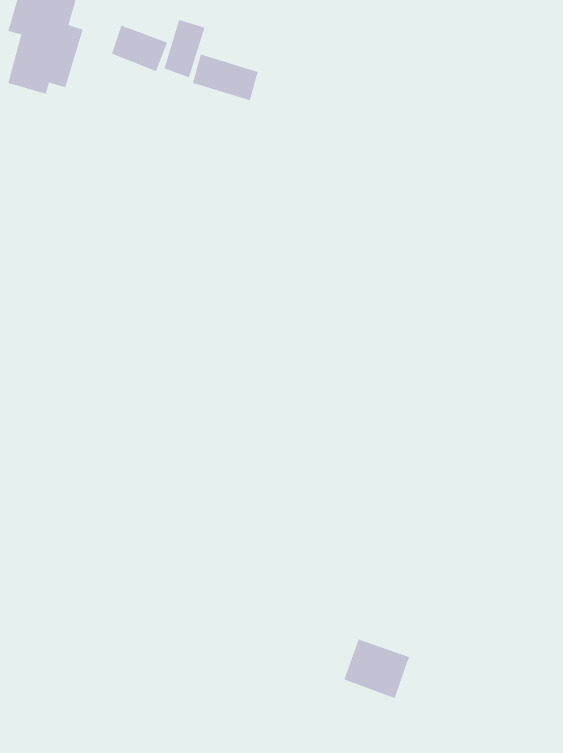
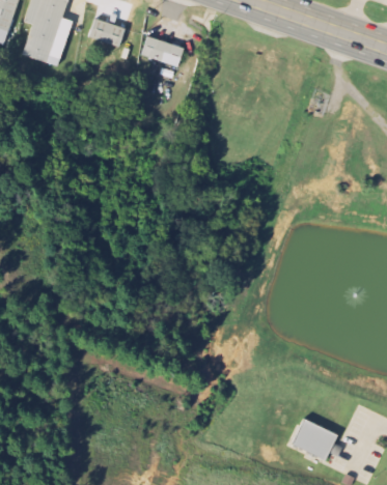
building: [164,19,205,78] -> none
building: [343,639,410,699] -> [295,422,337,460]

